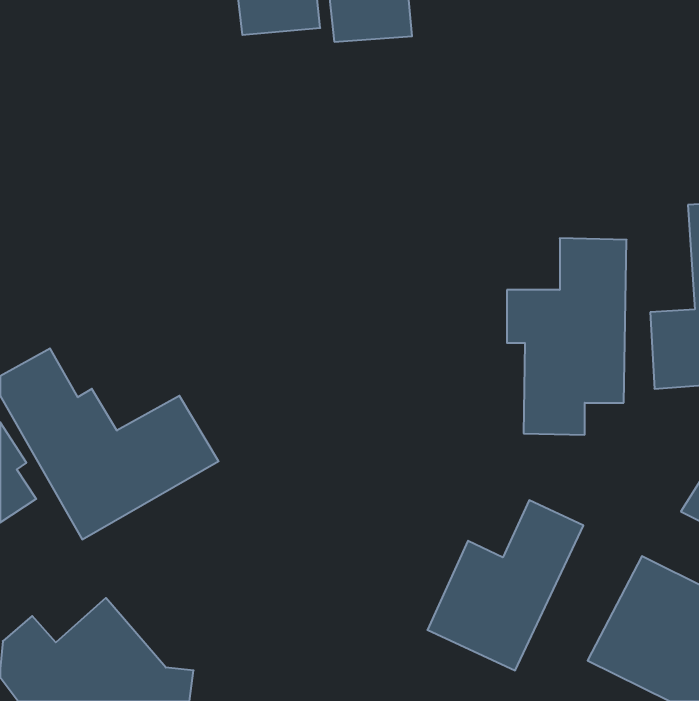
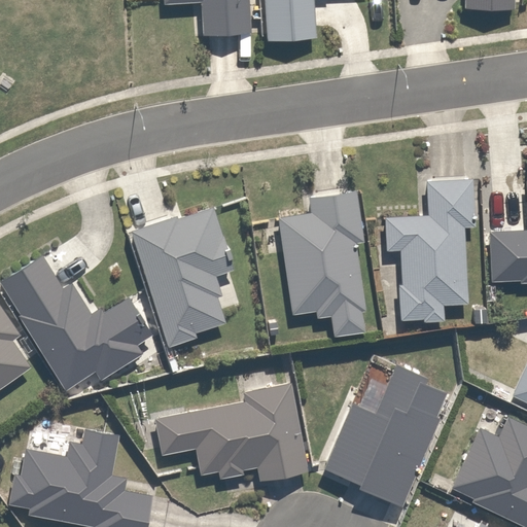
building: none -> [278,194,373,339]
building: none -> [140,205,244,353]
building: none -> [148,386,301,484]

